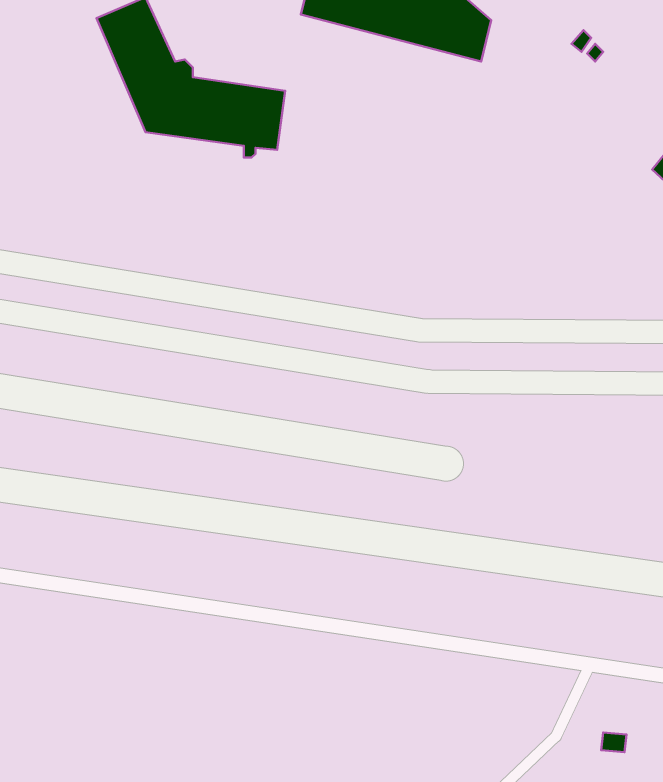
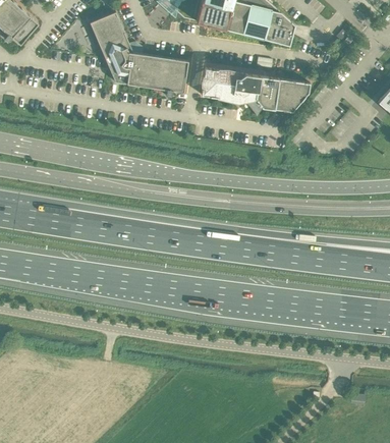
building: none -> [200,64,309,118]

